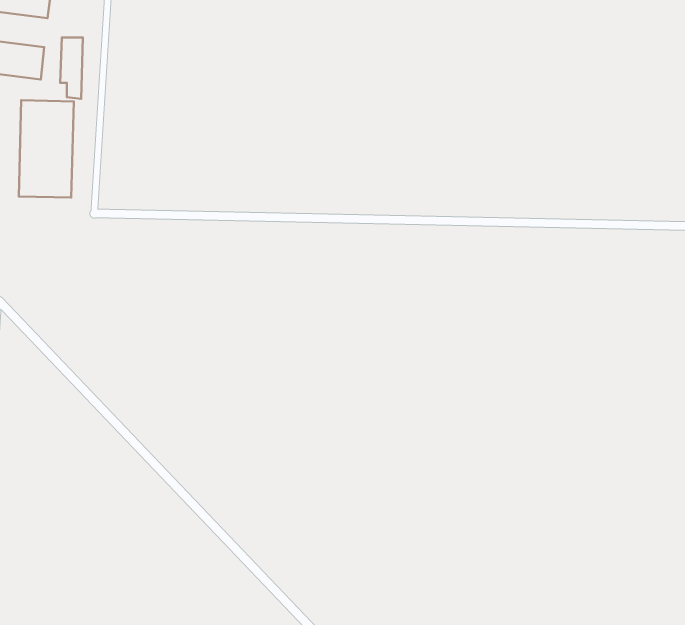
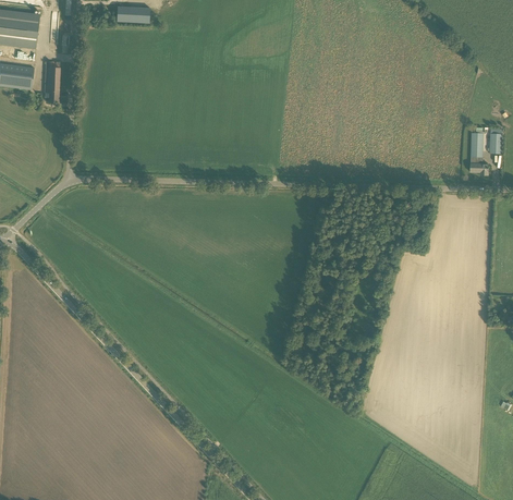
building: [19,100,74,198] -> none

